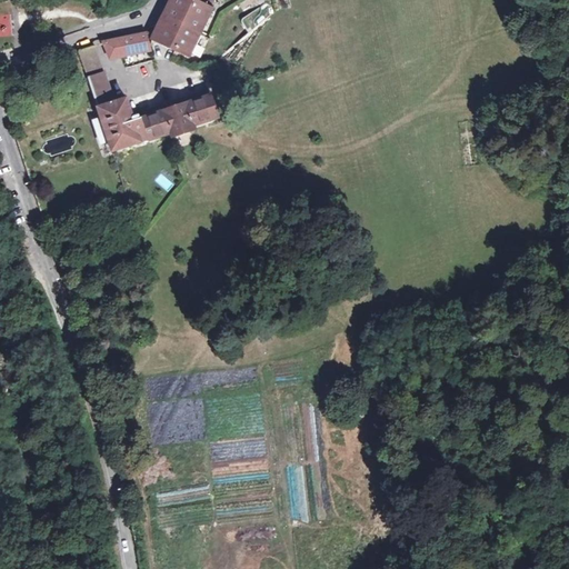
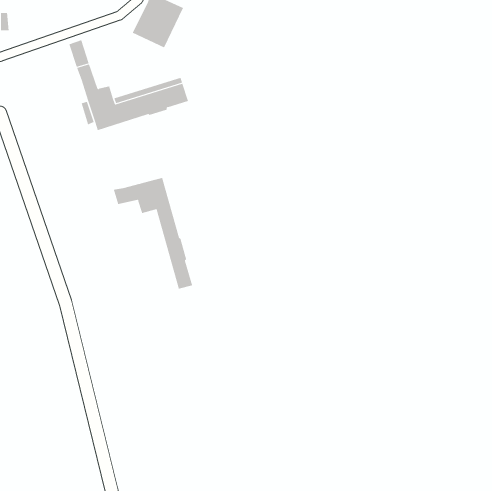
building: [103,31,151,59] -> none
building: none -> [113,177,193,290]

